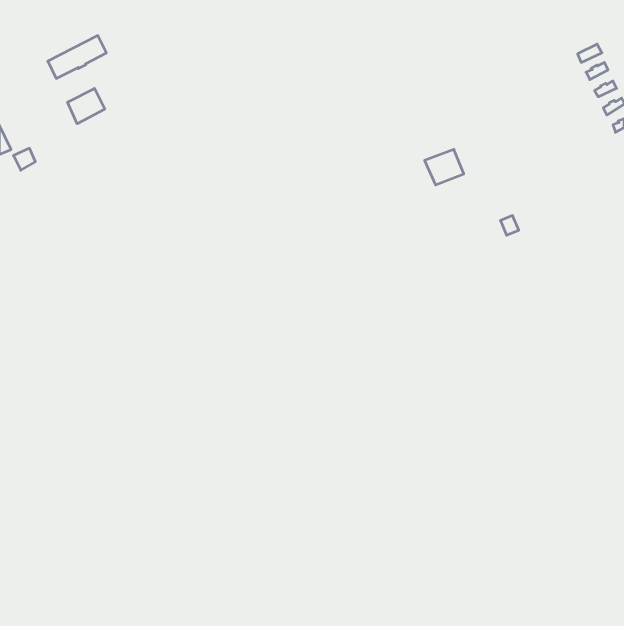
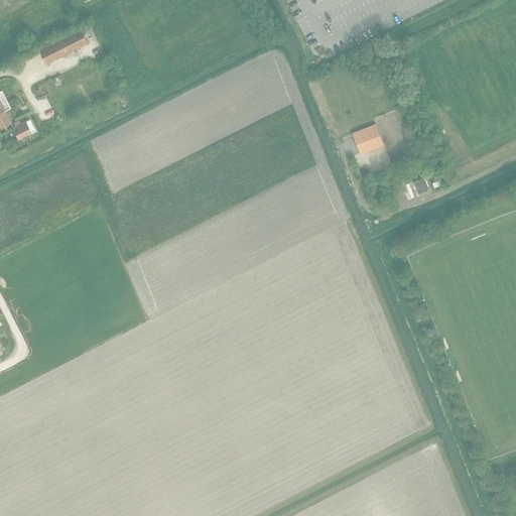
building: [68,88,105,124] -> none

